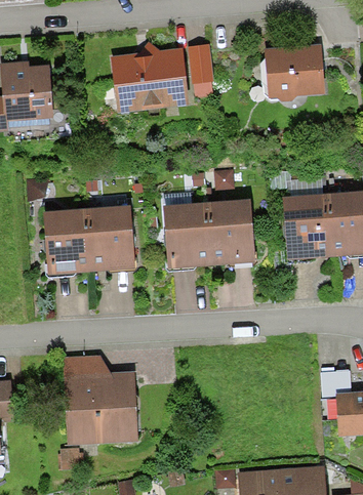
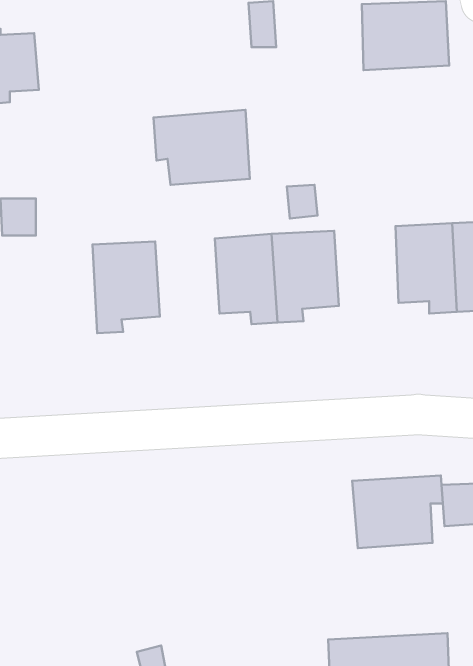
building: [117,52,182,102] -> [154,110,250,185]
building: [46,209,87,270] -> none
building: [66,357,137,439] -> none
building: none -> [352,475,443,548]

